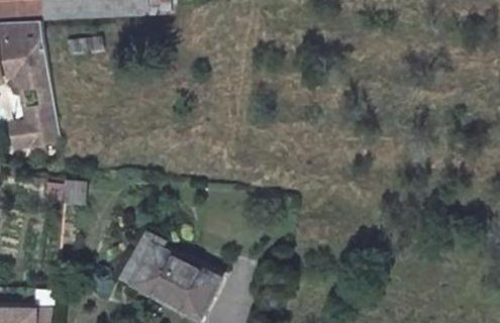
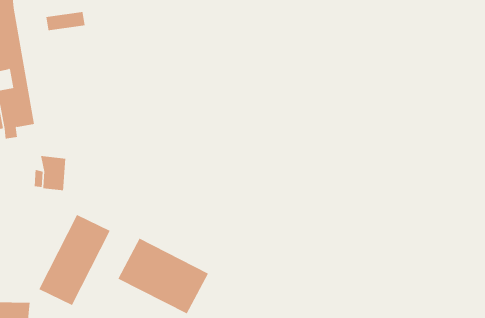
building: none -> [38,214,110,306]

